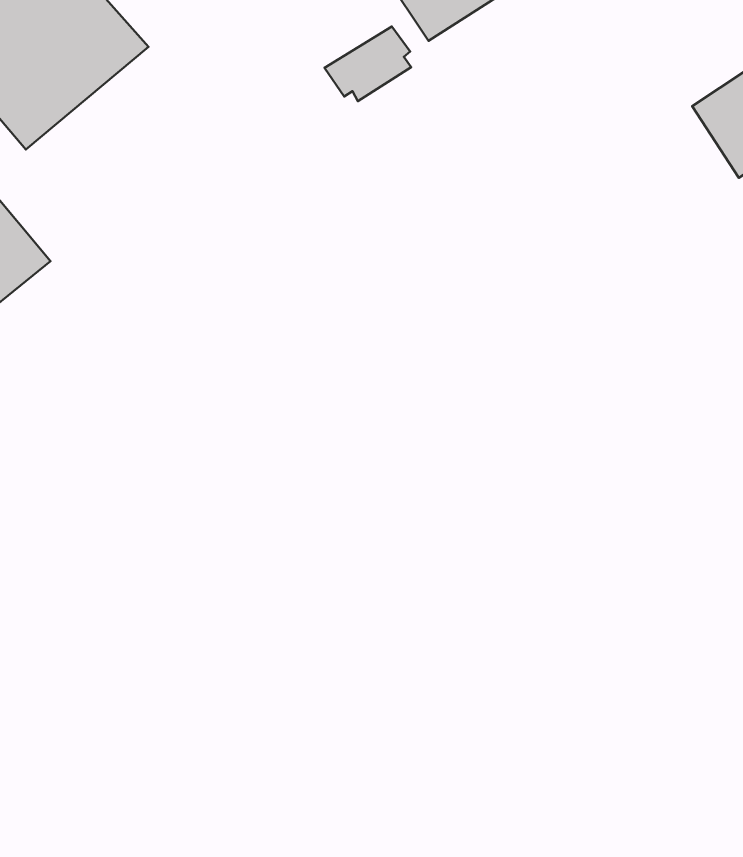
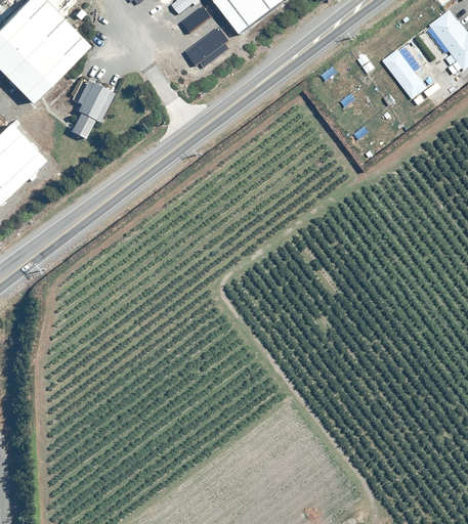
building: none -> [72,81,116,139]

